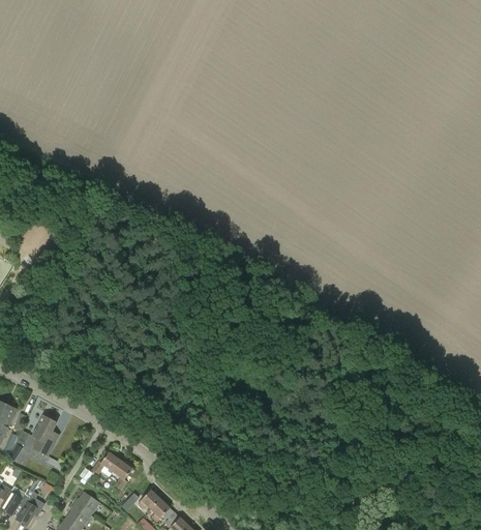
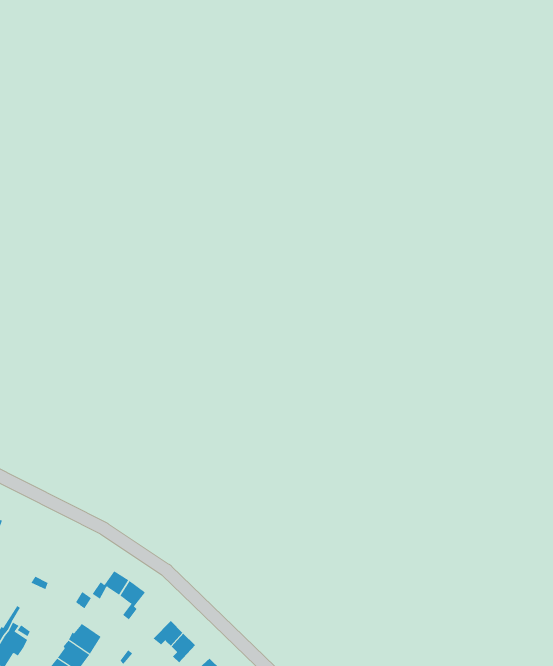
building: [32,415,56,455] -> none

